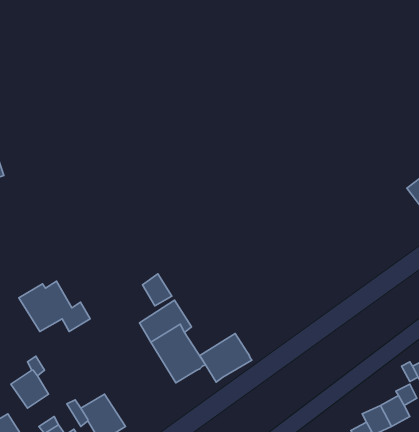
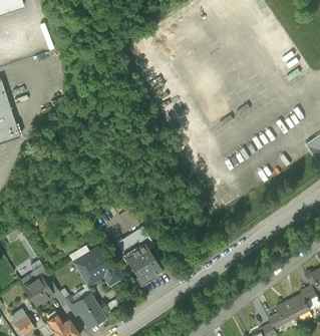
building: [19,281,90,332] -> [72,250,123,286]
building: [200,334,252,382] -> none

